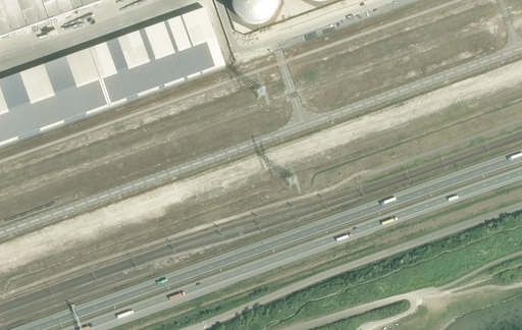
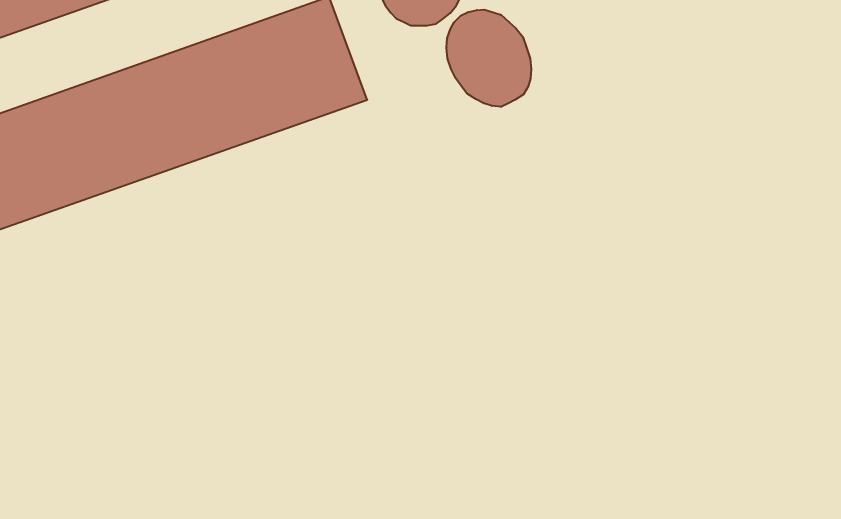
building: none -> [447,10,531,107]

